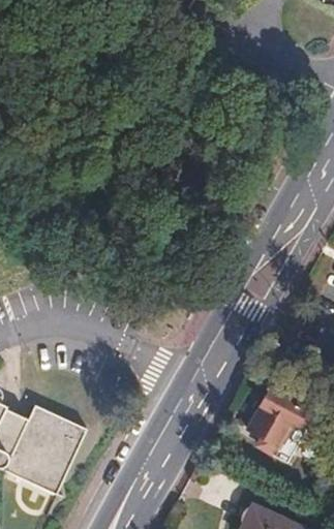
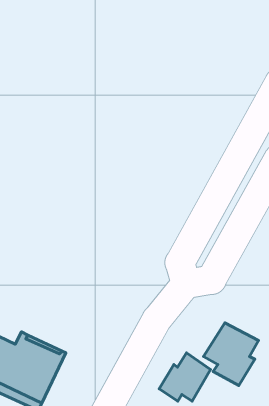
building: none -> [159,353,210,401]

